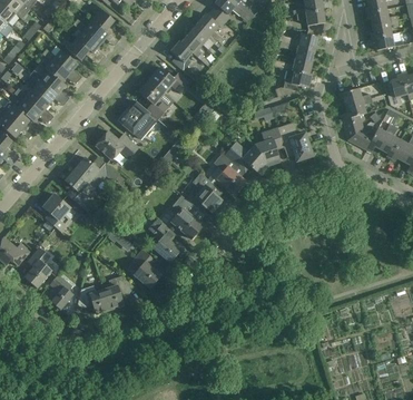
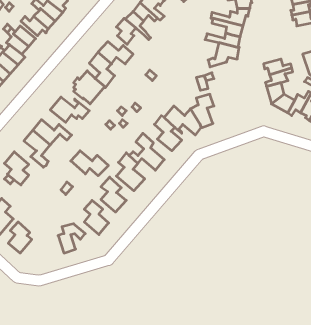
building: [277,121,313,160] -> none
building: none -> [71,151,108,176]
building: [77,283,110,313] -> none

